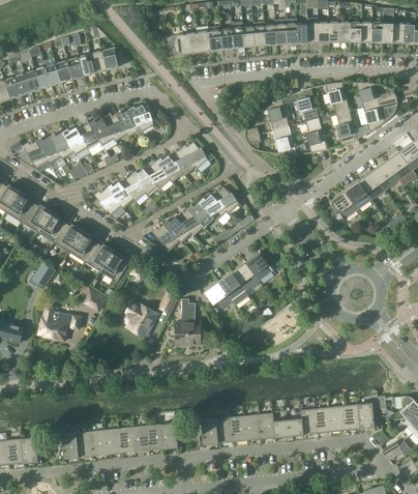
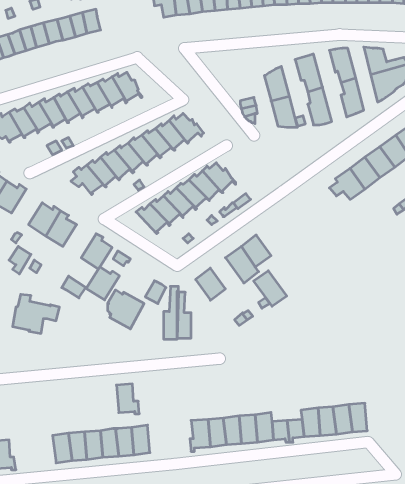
building: [37,210,65,242] -> none
building: [84,242,114,272] -> [86,267,119,300]
building: [217,272,247,304] -> [254,271,287,306]
building: [357,403,378,430] -> none
building: [160,423,181,449] -> [116,384,139,414]
building: [59,433,78,462] -> none

